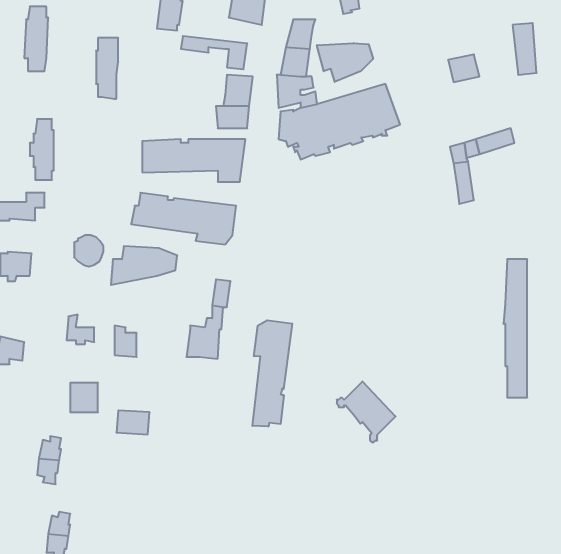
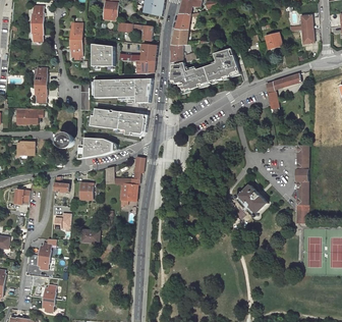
building: [317,43,373,82] -> none
building: none -> [93,44,114,66]
building: [252,320,292,427] -> none
building: [337,381,396,442] -> [235,184,268,218]

